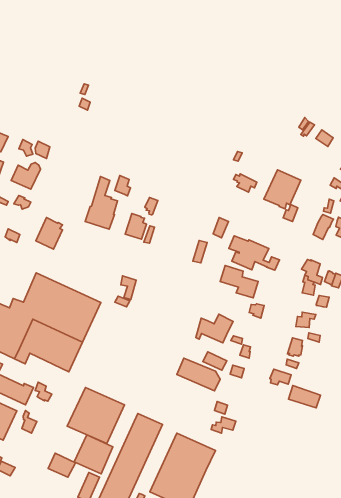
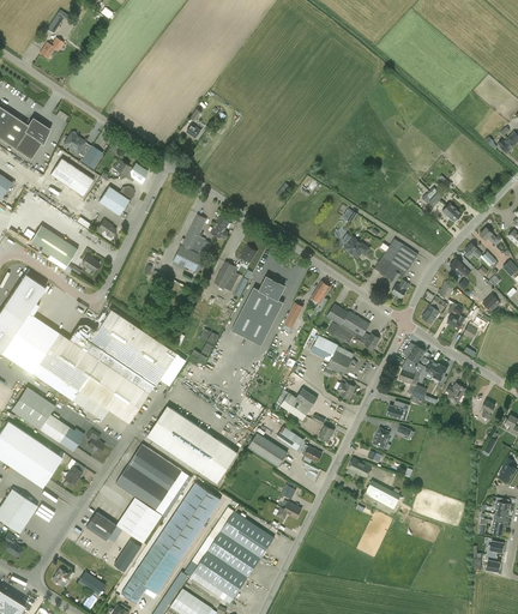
building: [36,217,63,249] -> none
building: none -> [230,276,284,345]
building: none -> [146,405,236,482]

